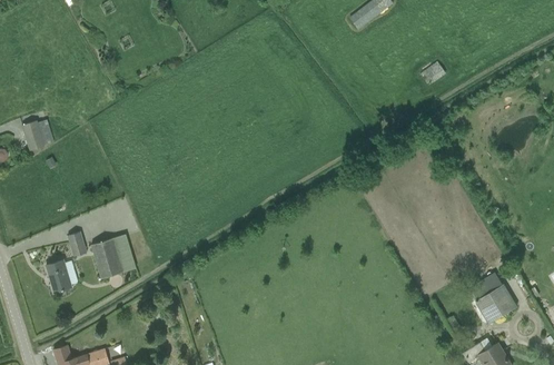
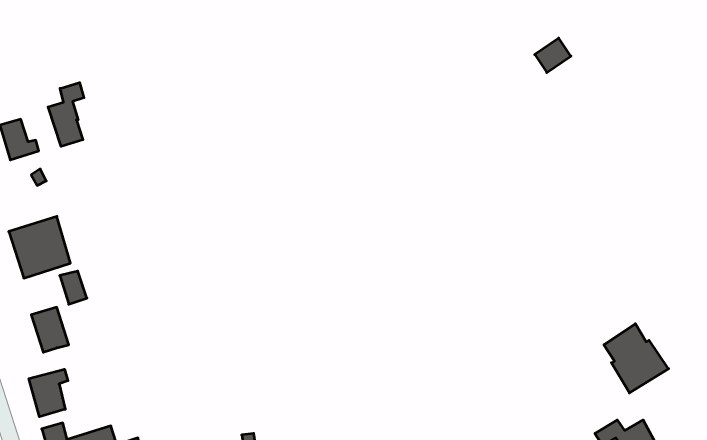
building: none -> [48,83,84,146]
building: [91,233,137,278] -> [9,216,70,278]
building: none -> [29,369,68,417]

